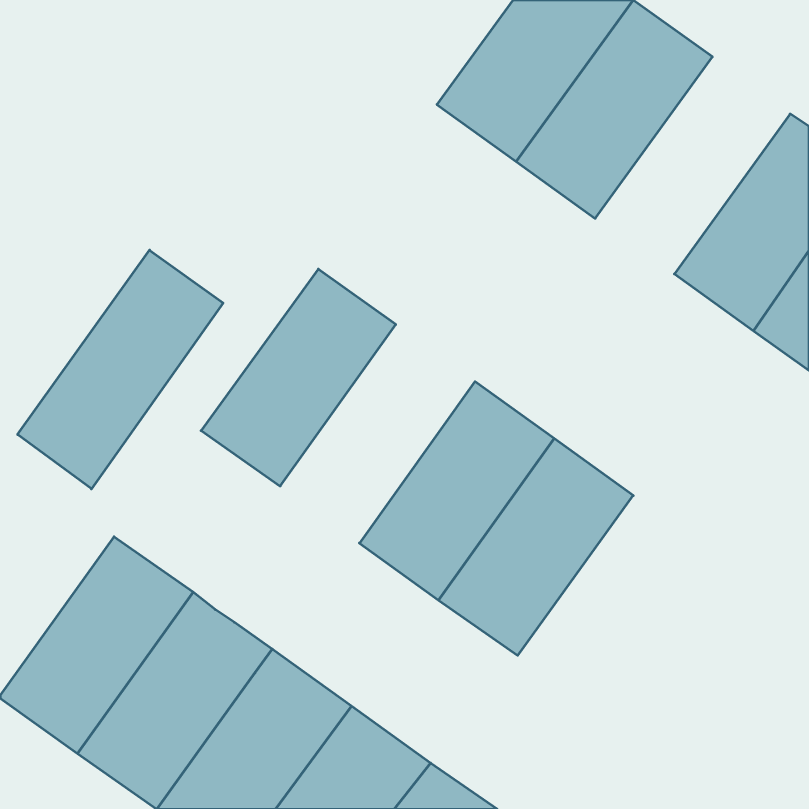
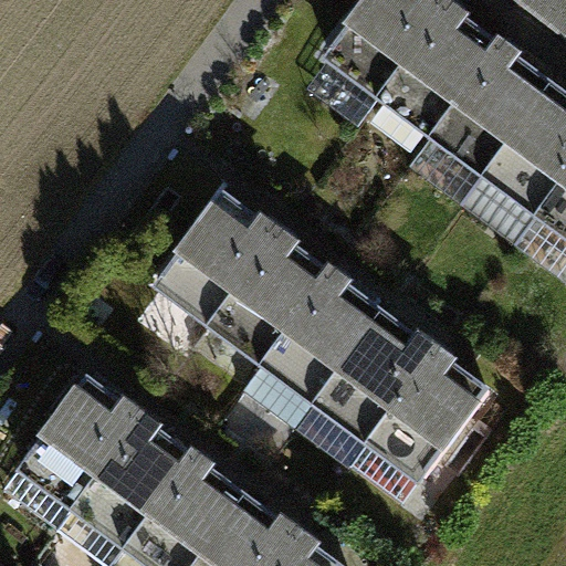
building: none -> [416,40,552,191]
building: [18,250,223,489] -> none
building: none -> [196,227,332,379]
building: none -> [361,346,497,497]

